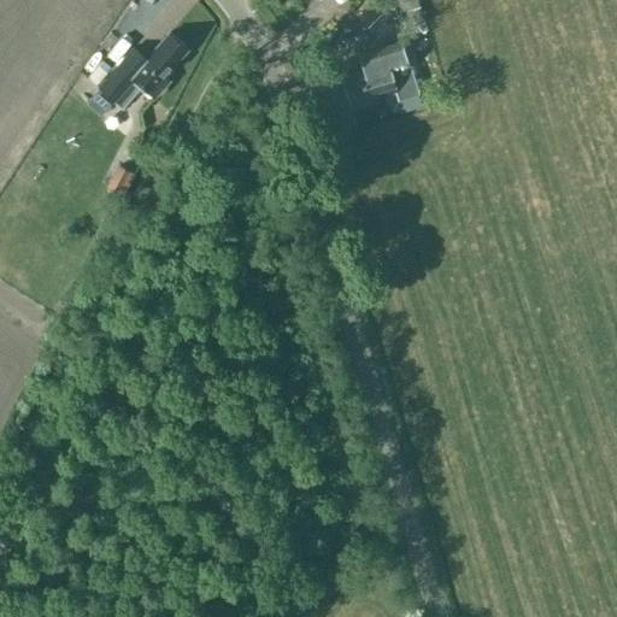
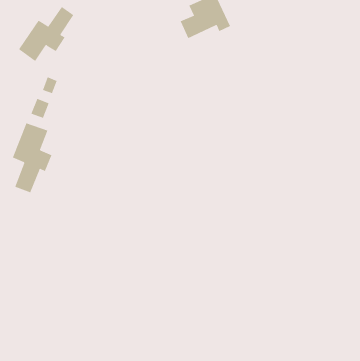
building: none -> [12,122,52,193]

